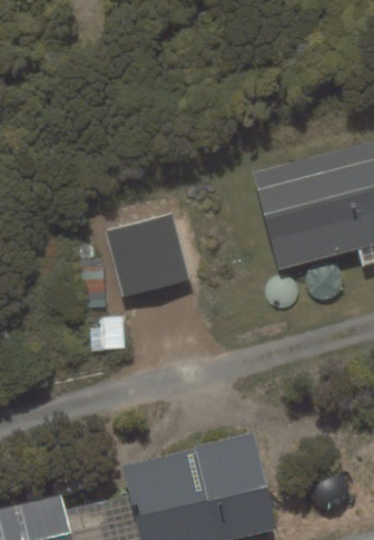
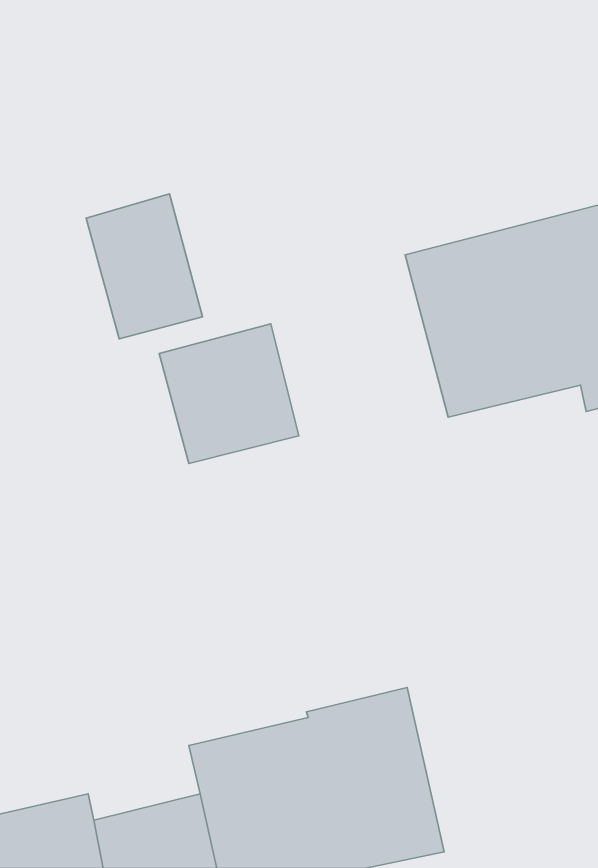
building: none -> [86,194,202,339]

